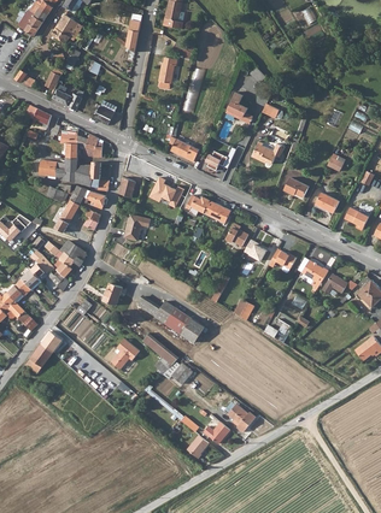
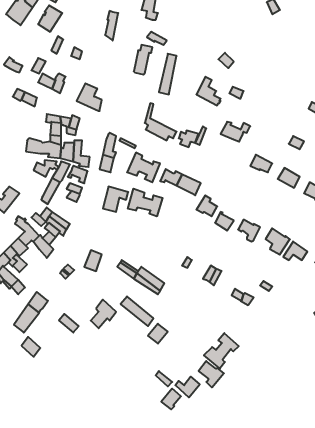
building: none -> [128,189,163,216]
building: none -> [204,333,239,369]

